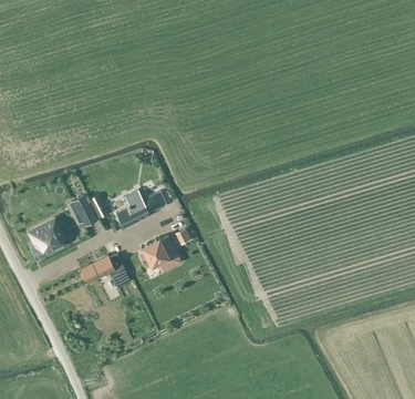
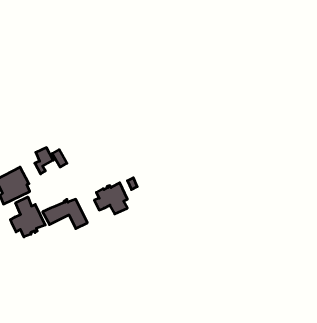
building: [115,190,166,228] -> none
building: none -> [10,197,45,237]

